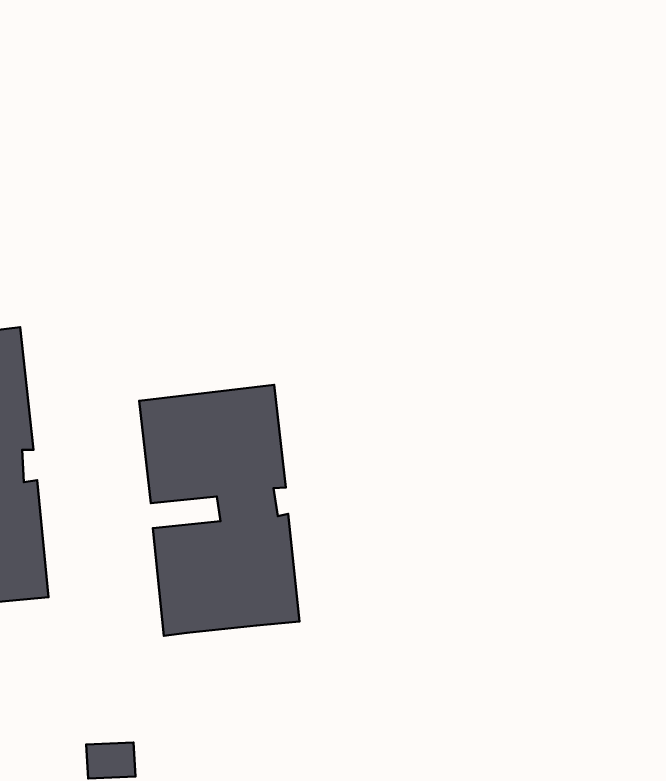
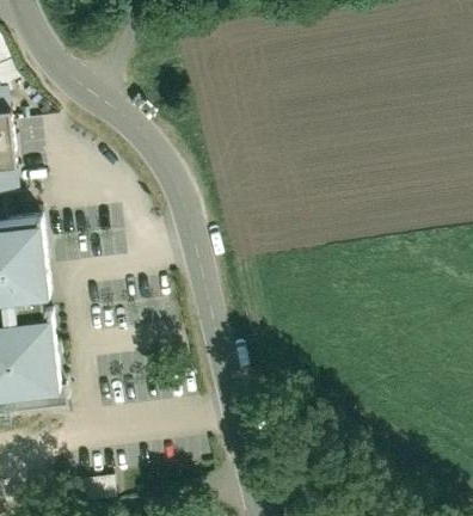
building: [139,385,299,636] -> none

